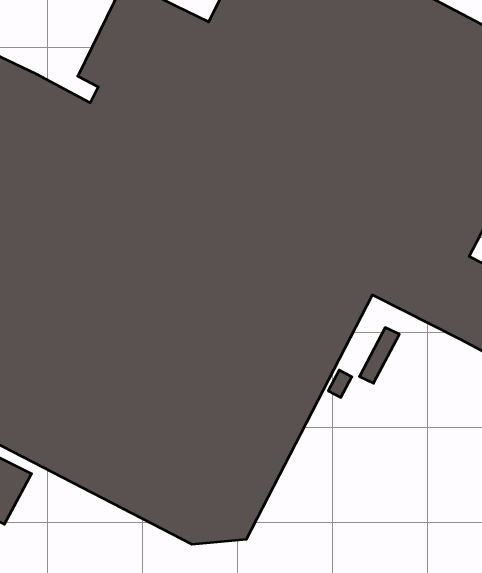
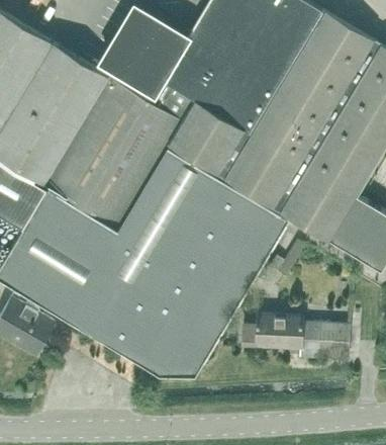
building: none -> [239,313,350,359]

